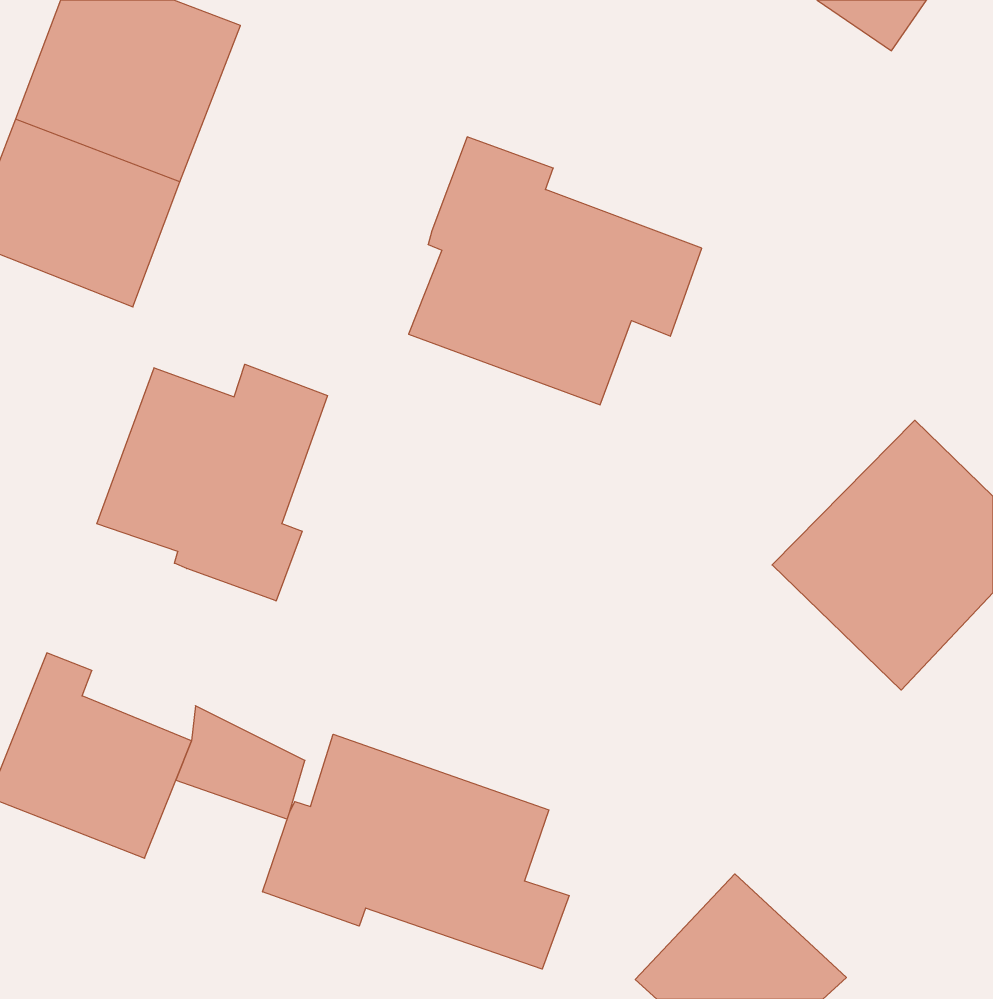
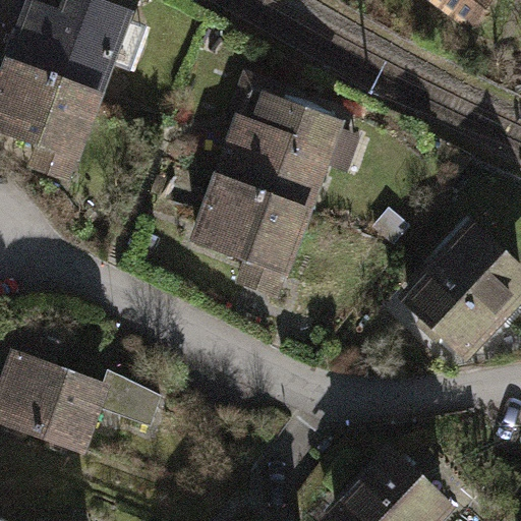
building: none -> [187,174,312,298]
building: [97,364,328,601] -> none
building: [263,734,569,969] -> none

